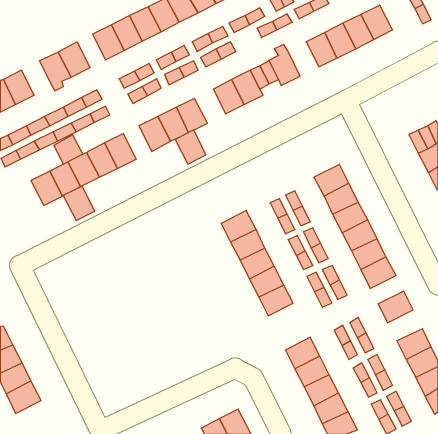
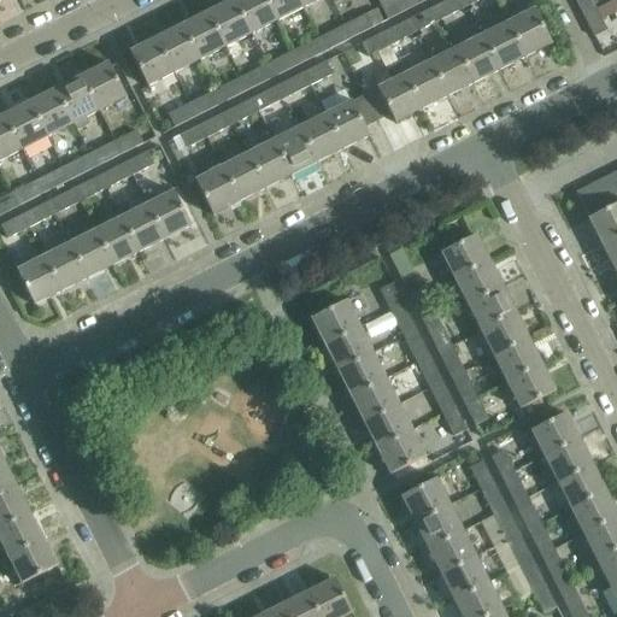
building: none -> [405,59,448,107]
building: none -> [30,86,74,134]
building: [175,130,206,164] -> [274,125,317,174]
building: [54,135,83,164] -> none
building: [63,186,95,220] -> [17,254,61,302]
building: none -> [377,427,425,471]
building: none -> [545,436,594,480]

